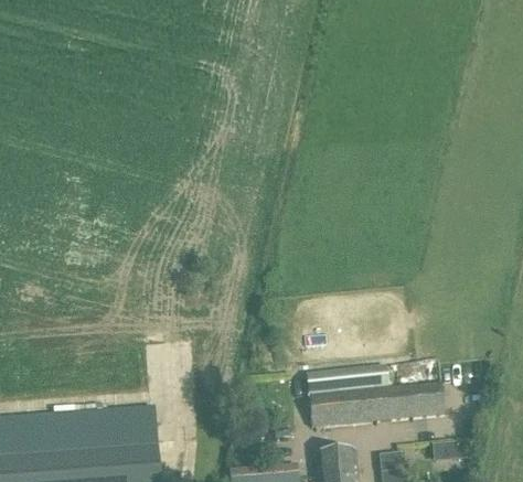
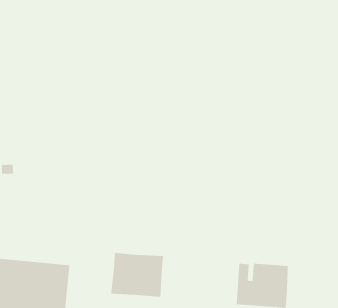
building: [307,366,377,427] -> [110,252,164,297]

